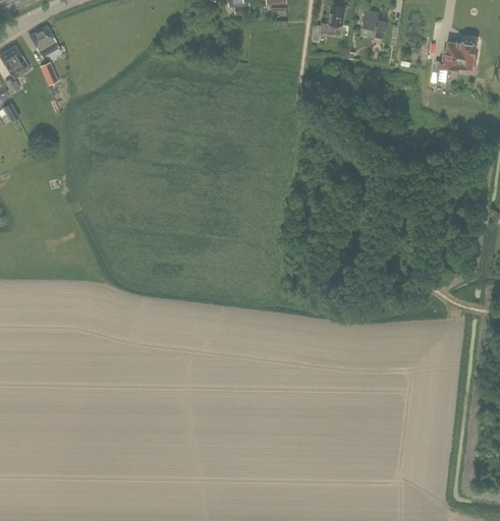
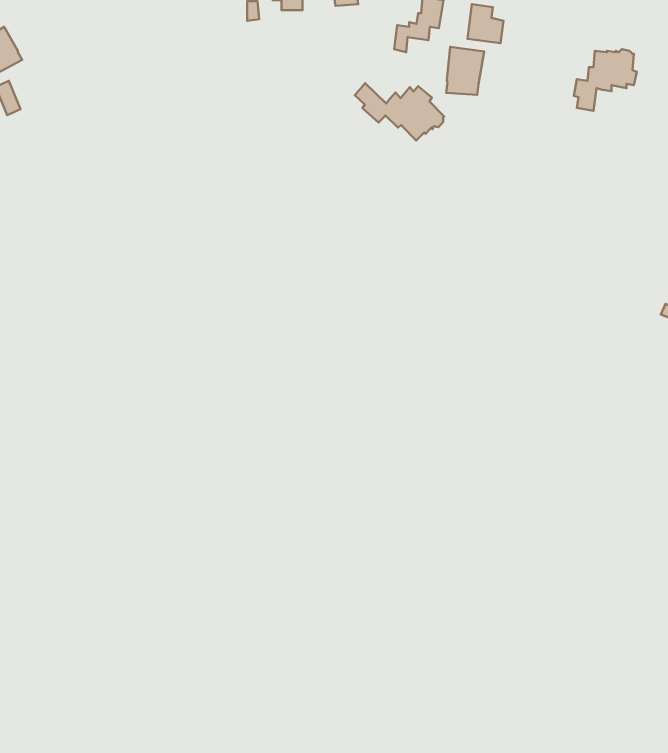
building: none -> [446,47,484,95]
building: none -> [355,83,444,140]

